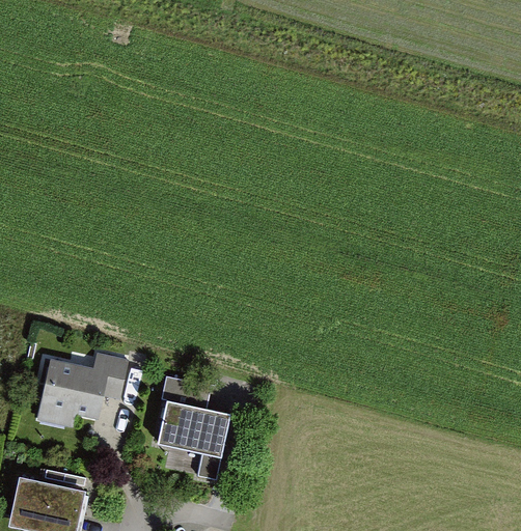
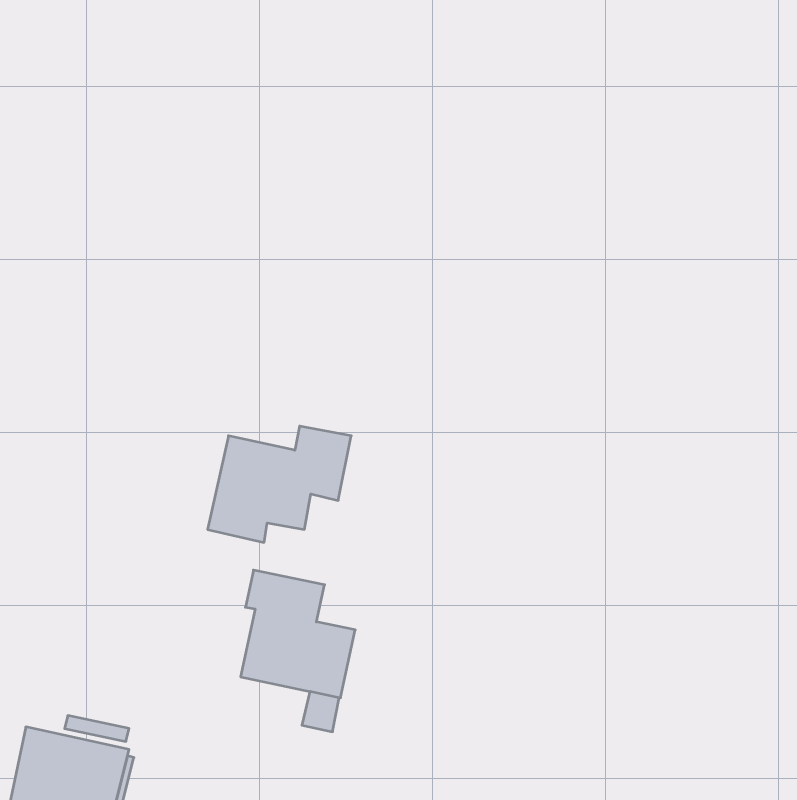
building: [36,353,129,427] -> [208,426,351,542]

